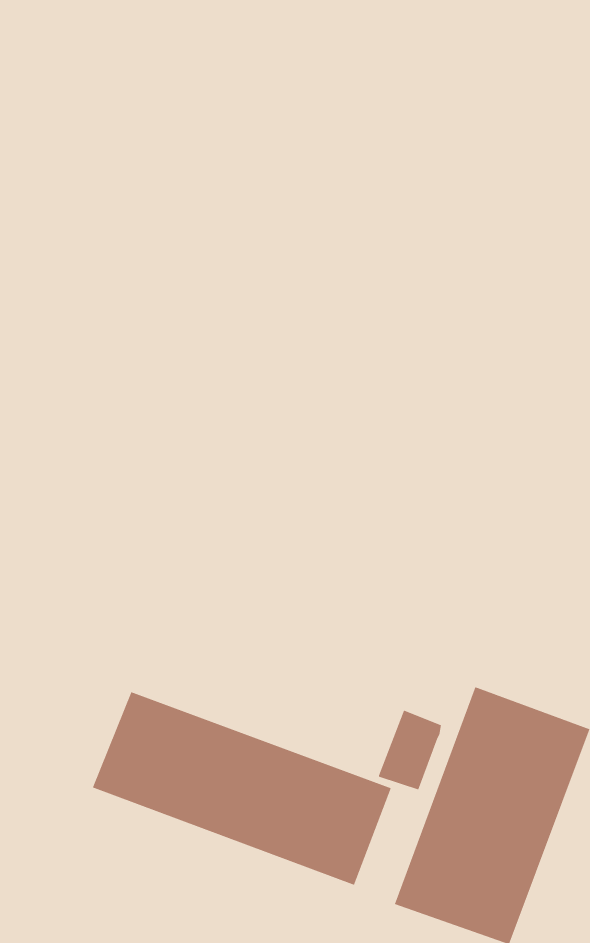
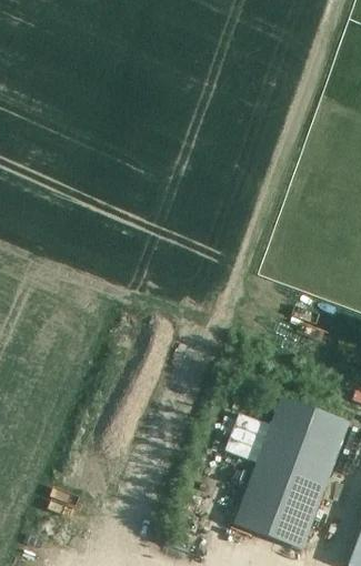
building: [92,691,392,886] -> none

